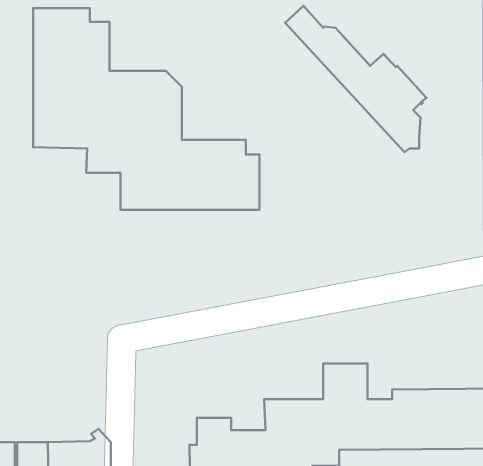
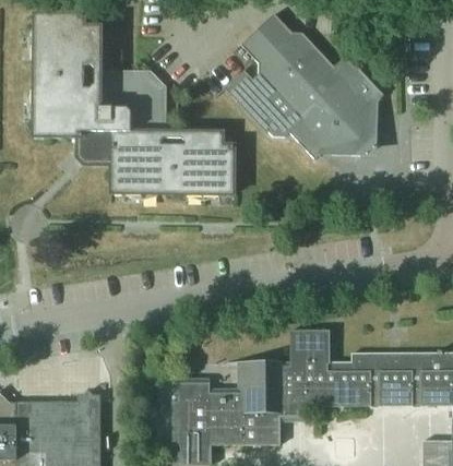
building: none -> [224,27,362,157]

